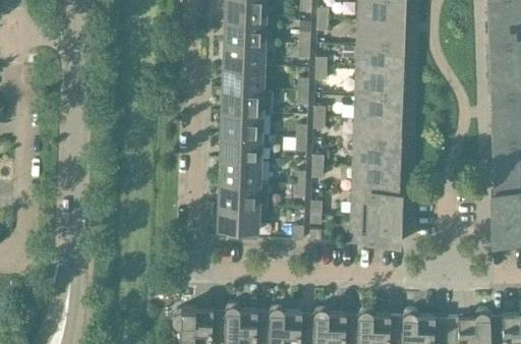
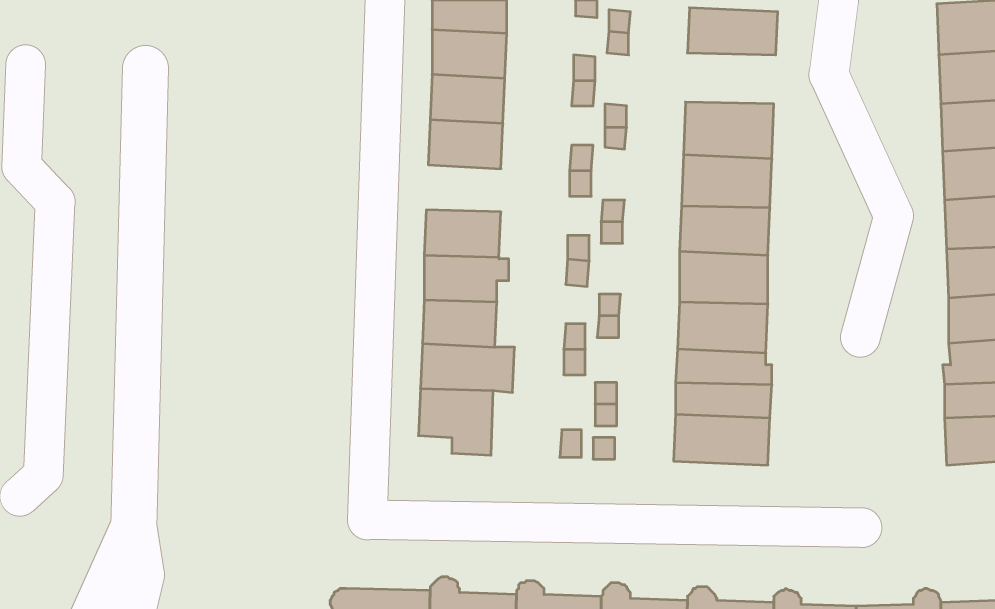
building: [357,31,404,57] -> none
building: [223,89,272,114] -> none

